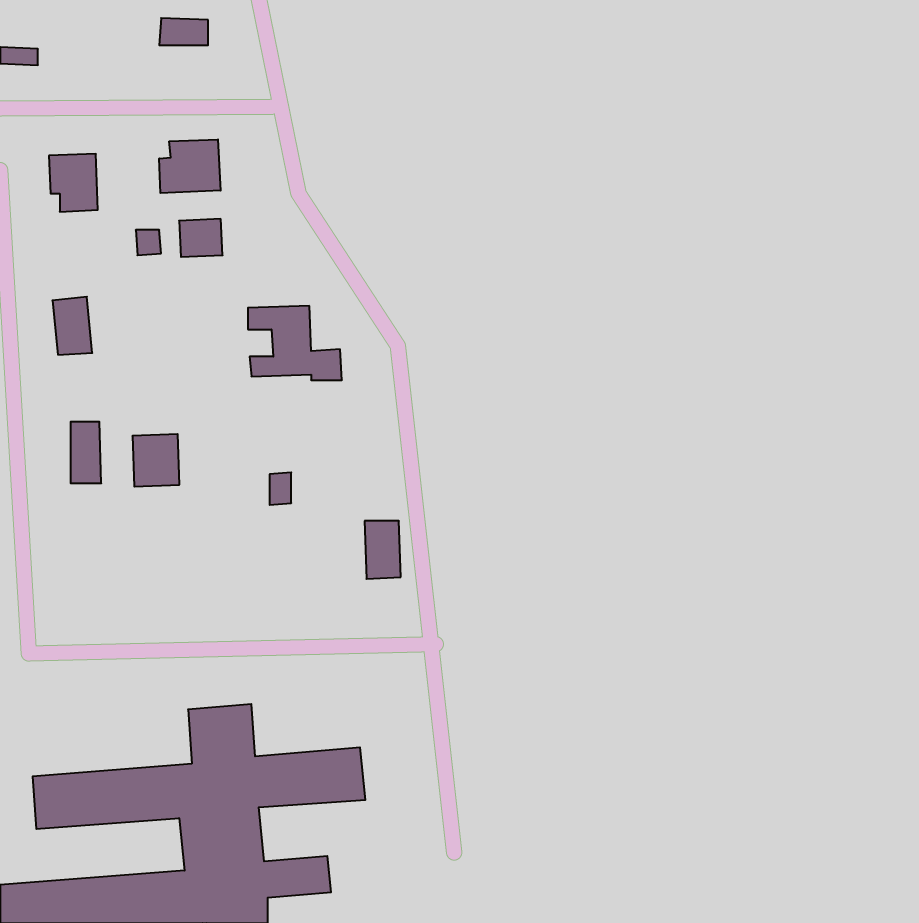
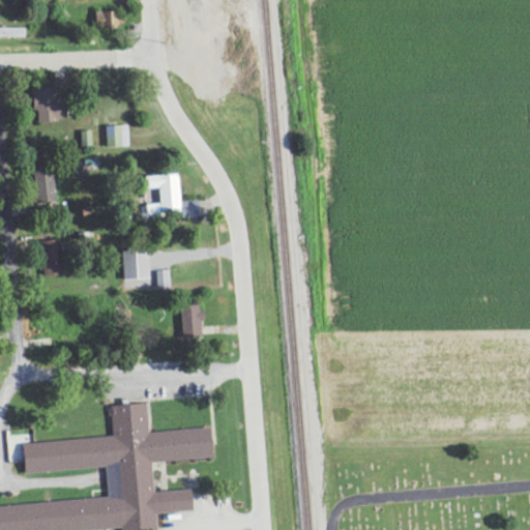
building: [159,139,221,193] -> none
building: [132,434,179,487] -> [122,251,149,281]
building: [365,521,401,579] -> [181,304,202,337]

